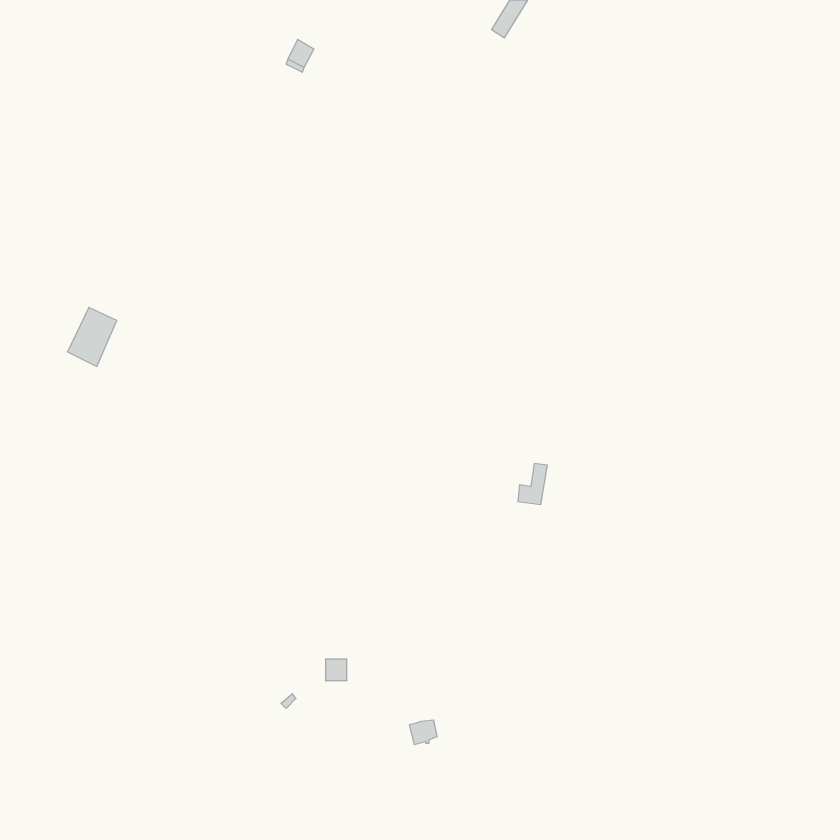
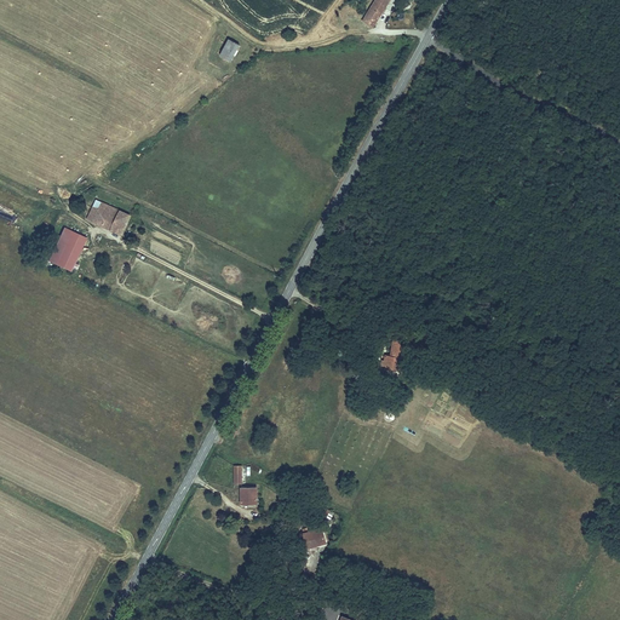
building: none -> [90,201,131,235]

